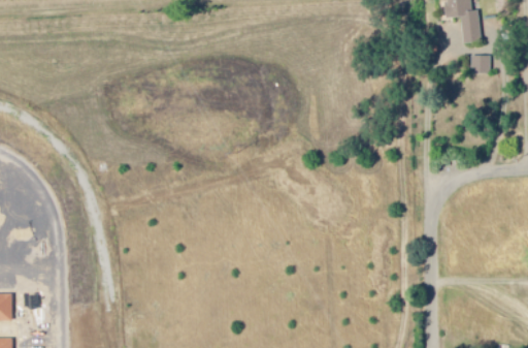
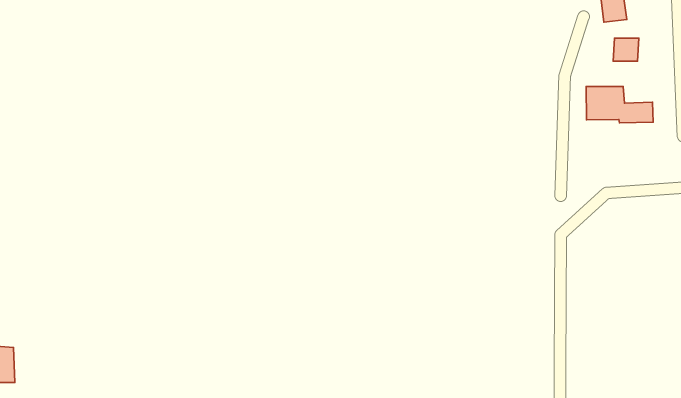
building: none -> [586,87,653,123]

